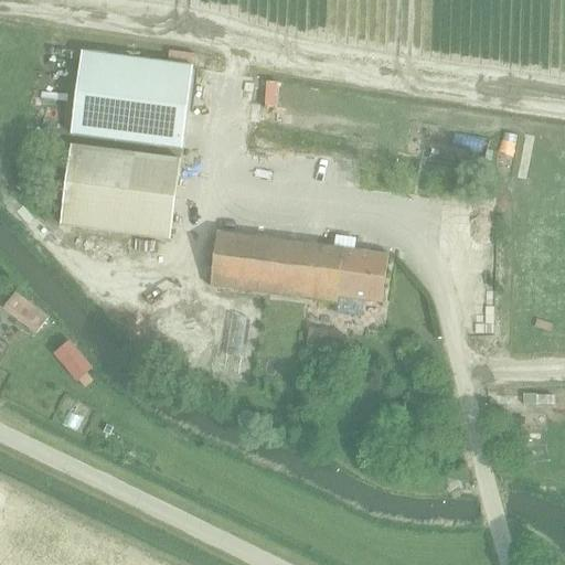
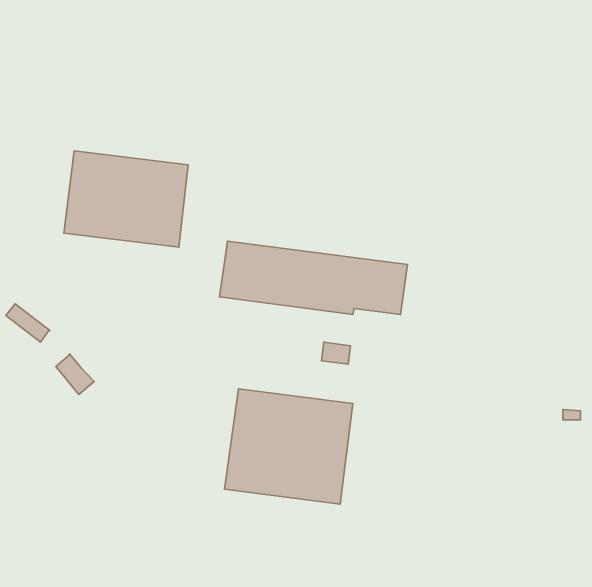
building: [70,52,191,146] -> none
building: none -> [225,389,353,504]

